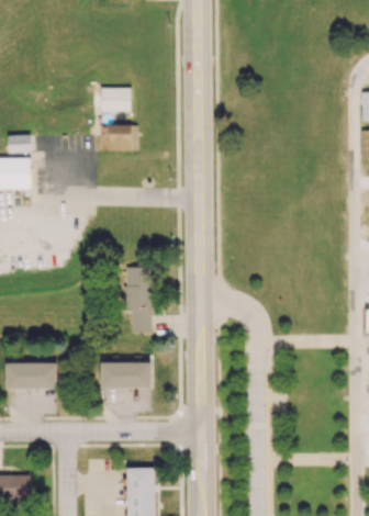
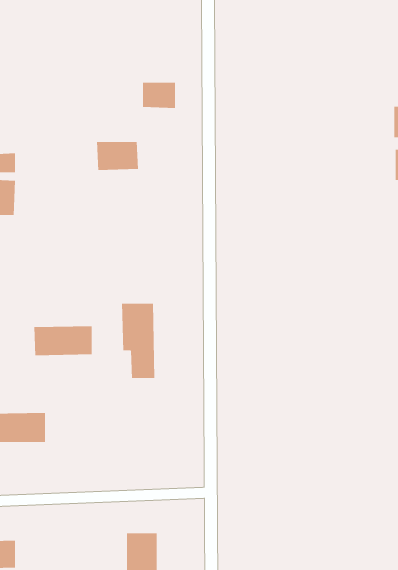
building: [101,88,131,111] -> [142,82,176,109]
building: [100,362,152,389] -> [33,326,92,356]

